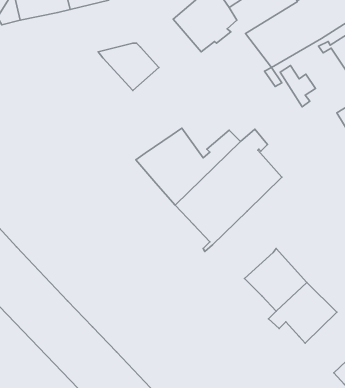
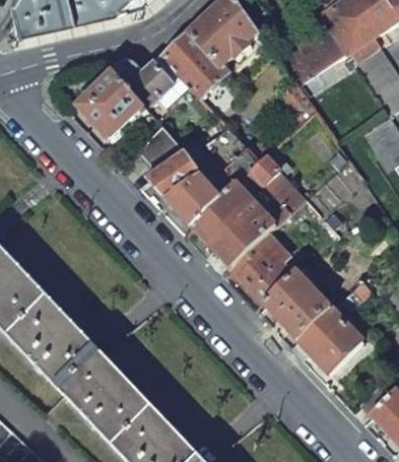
building: none -> [163,32,227,97]
building: none -> [79,73,150,140]
building: none -> [140,127,190,174]
building: none -> [232,235,296,306]

